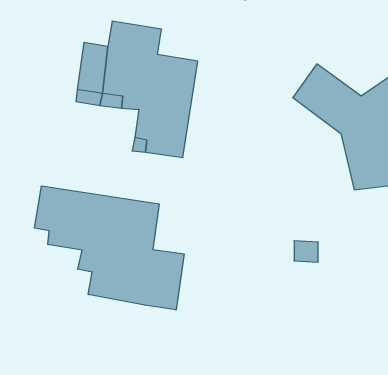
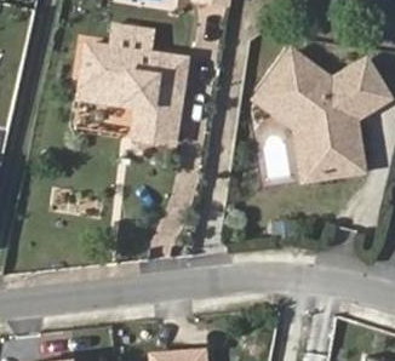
building: none -> [263,92,330,179]
building: [35,186,184,310] -> none

